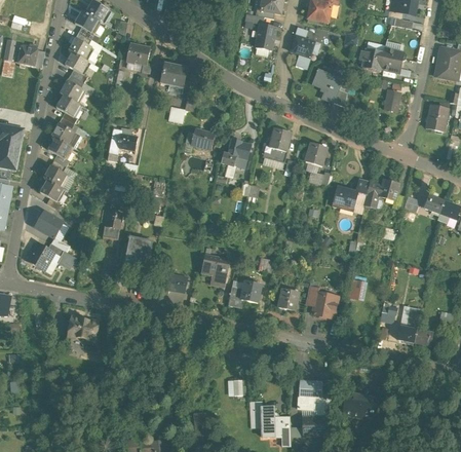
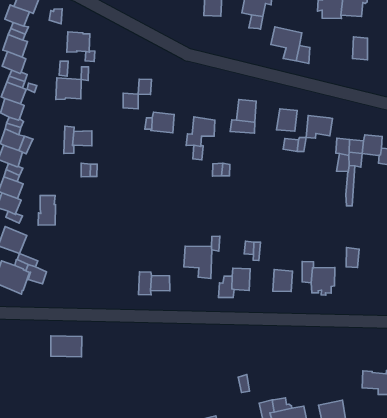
building: [161,63,187,85] -> [56,78,81,99]
building: [332,186,358,208] -> [306,116,333,138]
building: [103,210,122,238] -> [38,195,55,225]
building: [125,236,153,269] -> none
building: [298,379,322,409] -> none

